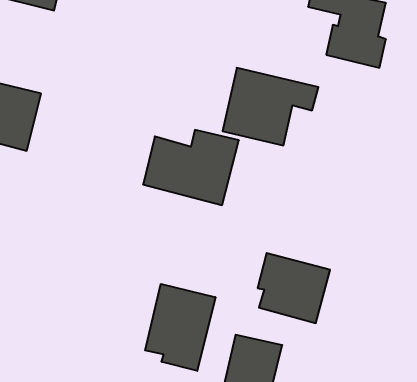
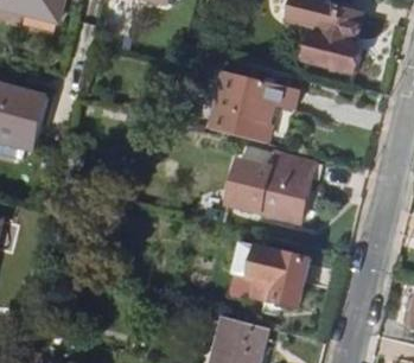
building: [143,130,239,205] -> [224,151,312,219]
building: [145,284,215,371] -> none

